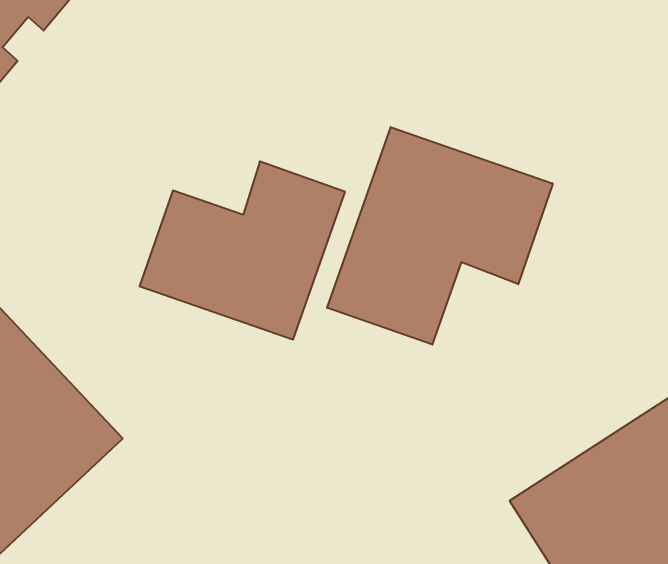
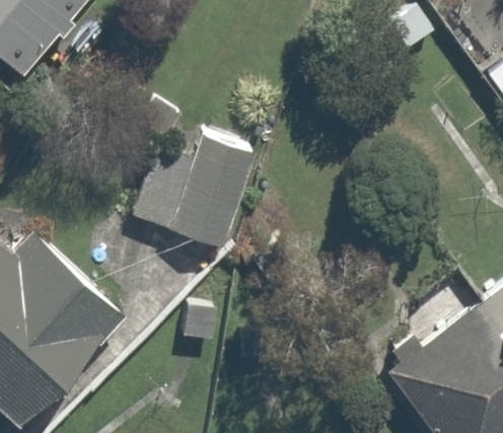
building: [327,127,553,345] -> none

